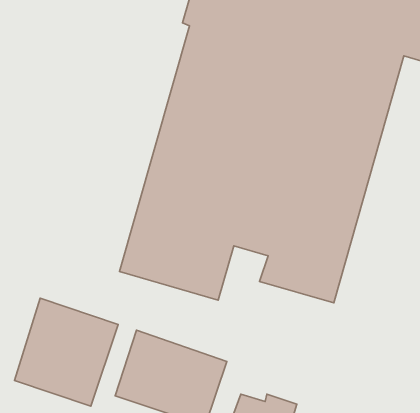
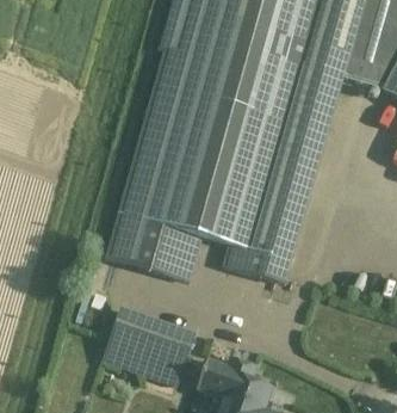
building: [14,298,118,406] -> none

